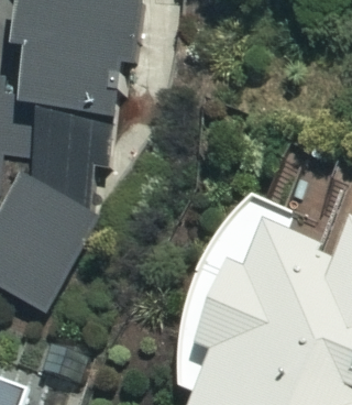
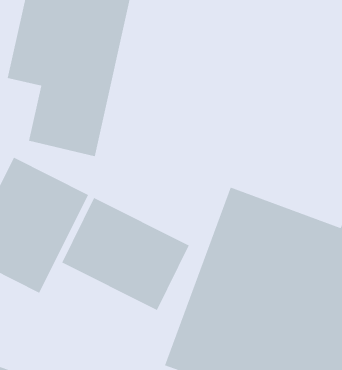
building: none -> [61,197,189,311]

